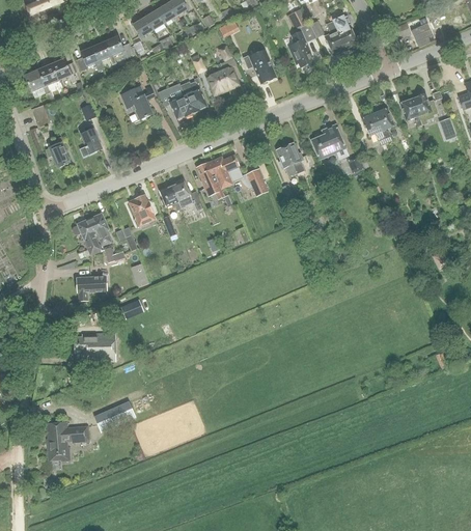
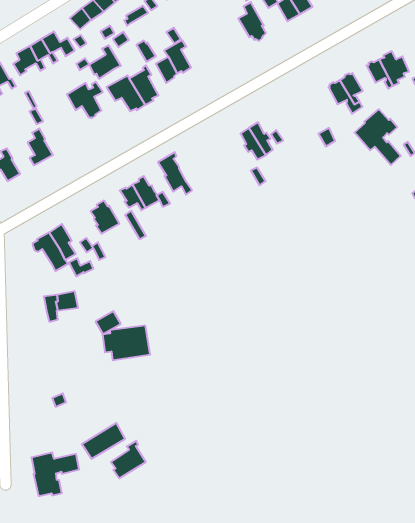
building: [242,50,275,83] -> none
building: none -> [89,45,121,79]
building: [311,124,349,159] -> none
building: none -> [354,109,401,165]
building: [212,155,268,195] -> none
building: [75,333,116,361] -> [102,326,150,360]
building: none -> [111,441,146,478]

